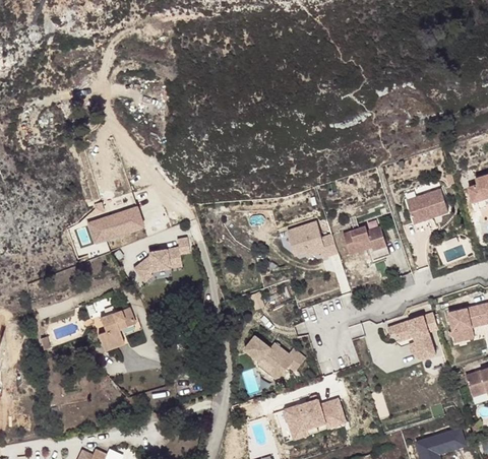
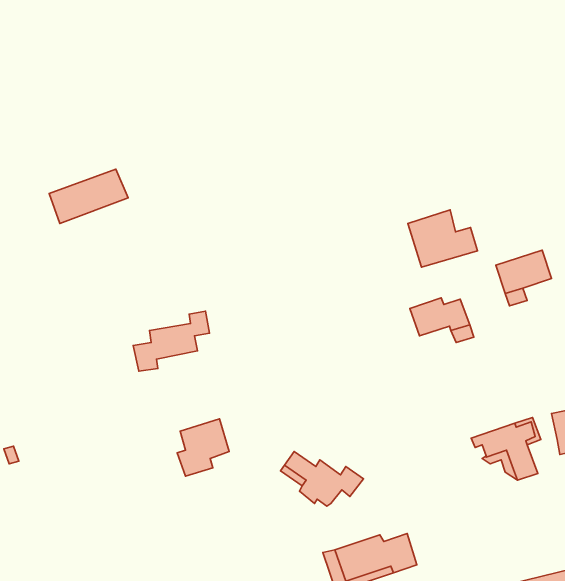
building: [86,202,145,243] -> [49,169,128,224]
building: [287,218,339,261] -> [408,210,477,267]
building: [100,308,138,350] -> [177,419,229,476]

